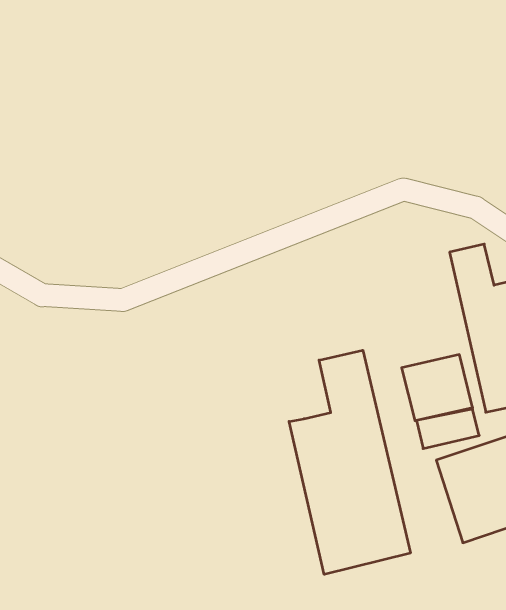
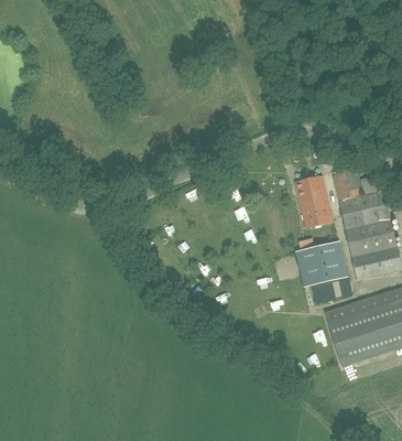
building: none -> [295,176,333,229]
building: [289,350,410,574] -> none

